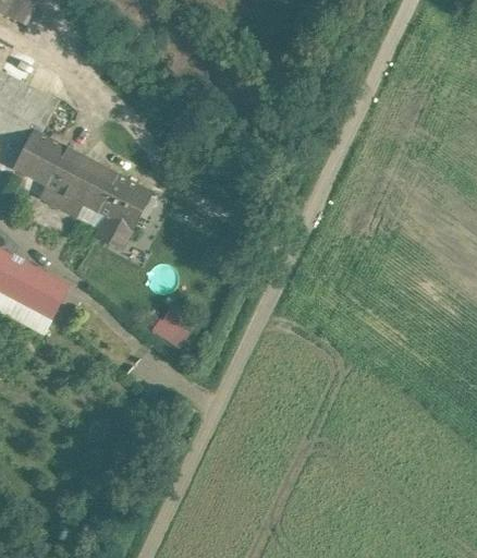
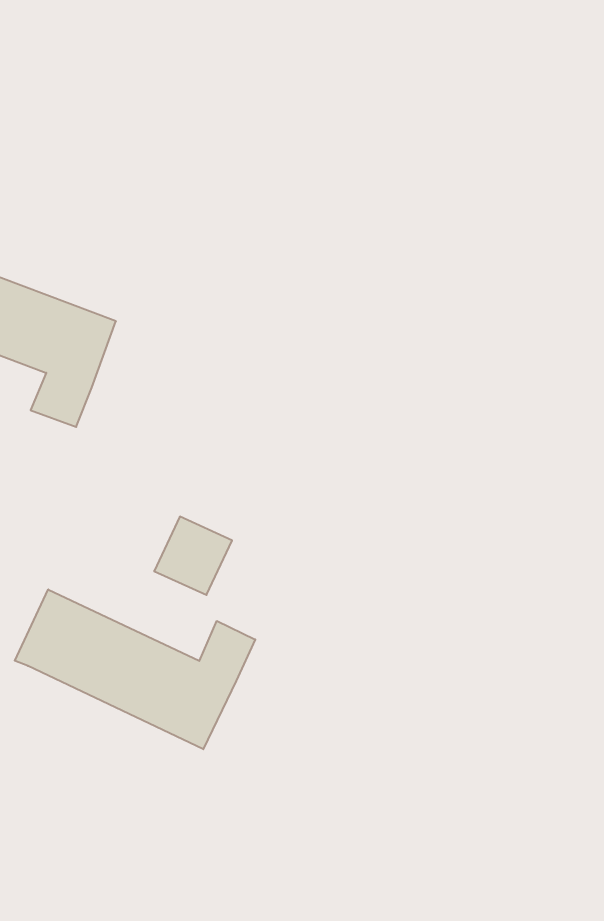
building: none -> [15,589,255,749]

